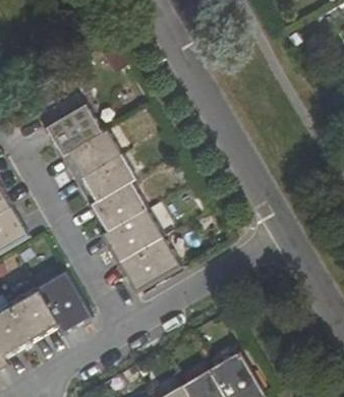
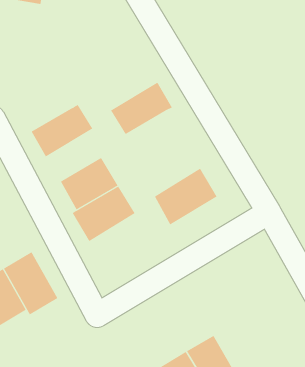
building: [47,106,104,157] -> none
building: [77,154,137,205] -> [110,82,173,135]
building: [119,235,180,290] -> [154,168,218,225]

